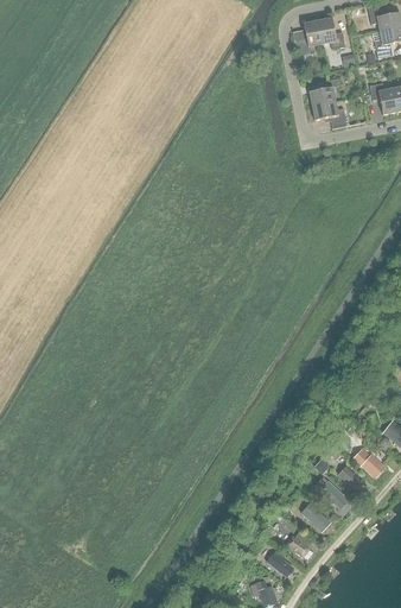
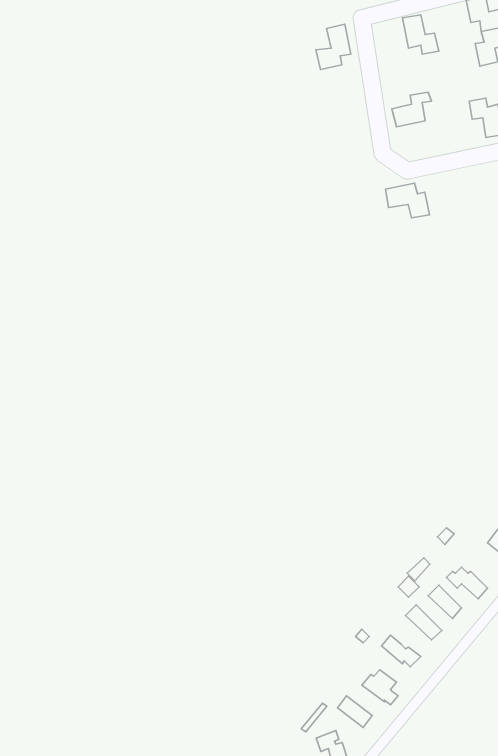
building: [294,19,322,55] -> [316,24,351,69]
building: [312,100,346,127] -> [386,183,430,218]

